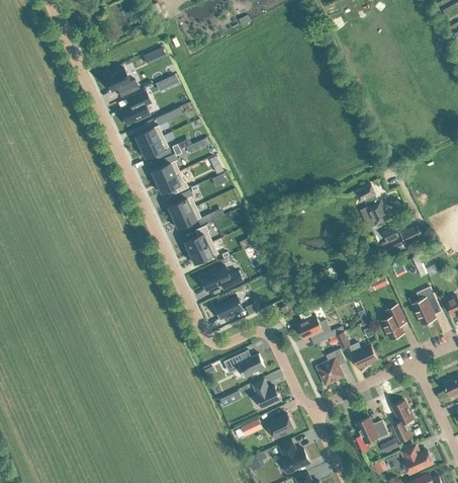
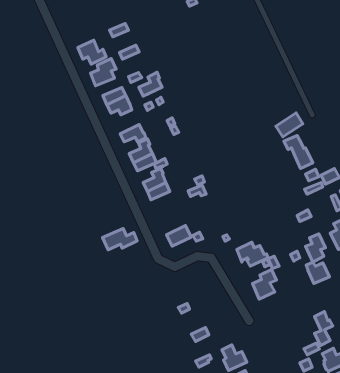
building: [151,153,179,182] -> [139,72,162,96]
building: none -> [276,113,303,137]
building: [198,264,241,291] -> [102,228,137,250]
building: [350,342,378,369] -> [306,262,329,284]
building: [223,349,266,378] -> none
building: [253,379,281,408] -> none
building: [267,412,296,439] -> none
building: [357,416,389,442] -> none

